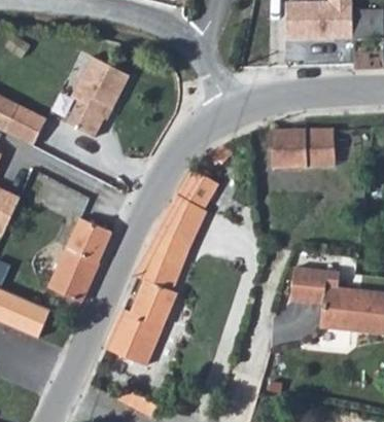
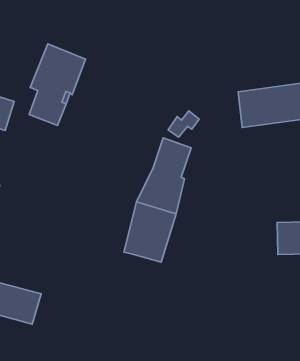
building: [47,219,108,304] -> none
building: [107,281,177,366] -> none

